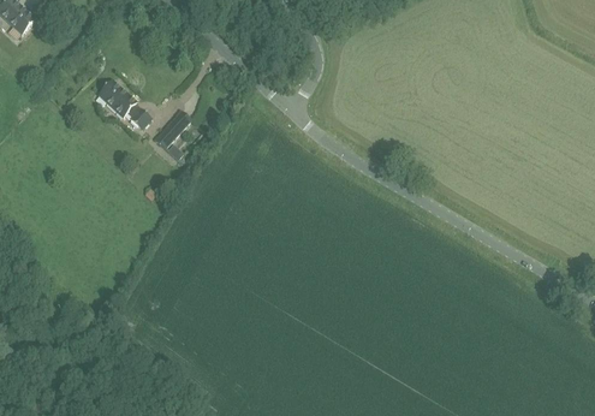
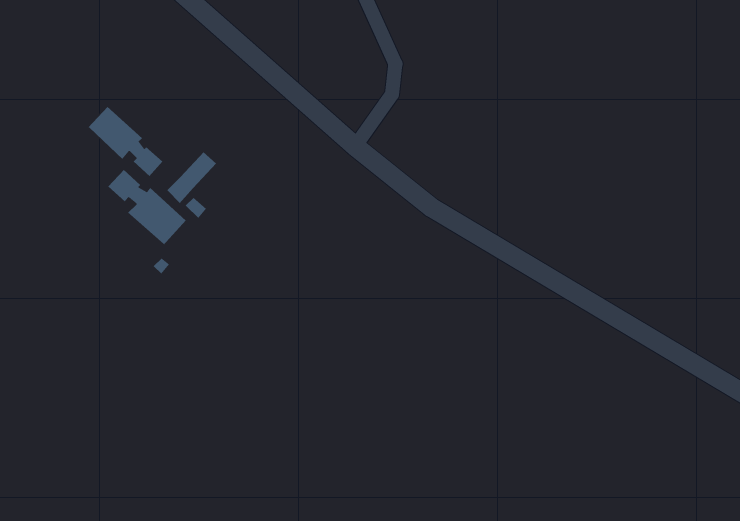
building: none -> [108,169,187,246]

